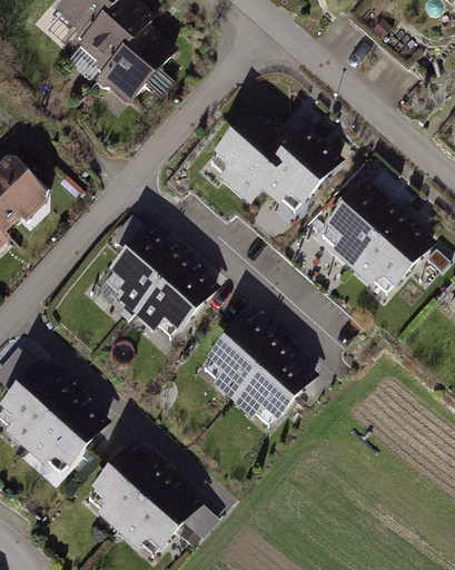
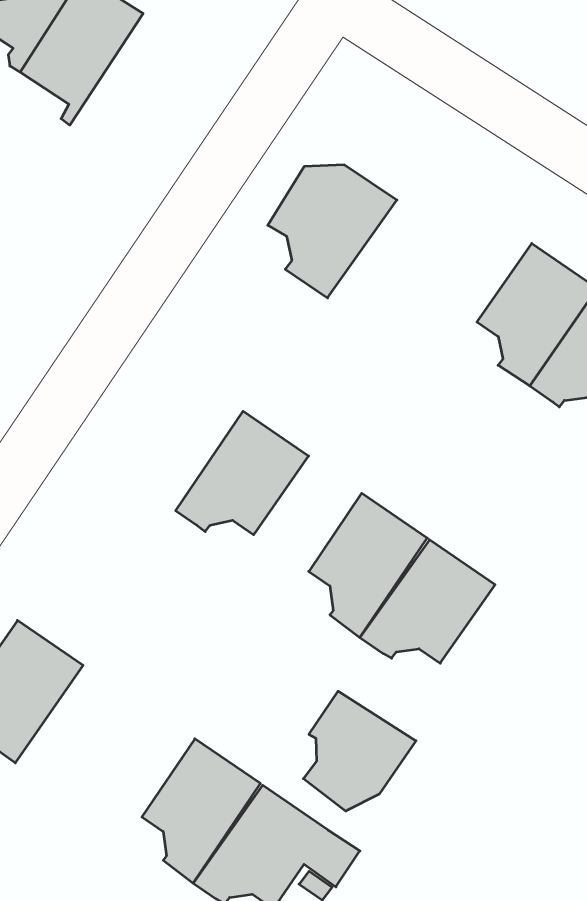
building: [96,29,179,108] -> none
building: [257,131,338,204] -> none
building: [100,219,181,309] -> none
building: [22,393,103,465] -> none
building: none -> [303,691,416,811]

